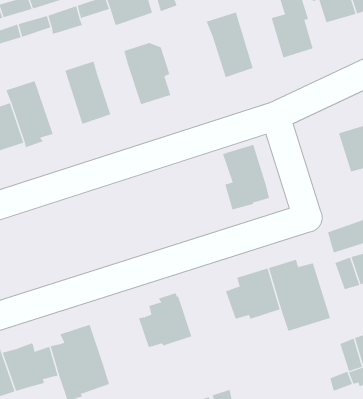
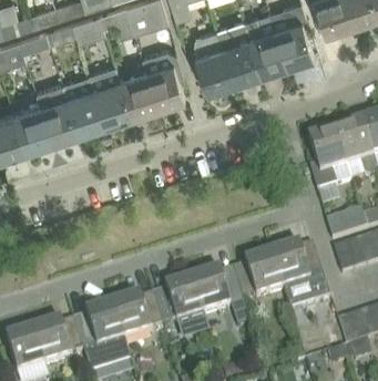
building: none -> [244,18,286,73]
building: none -> [194,31,234,91]
building: none -> [119,70,157,115]
building: none -> [62,75,104,133]
building: [222,144,270,210] -> [307,132,350,192]
building: none -> [192,270,243,316]
building: none -> [112,296,163,341]

